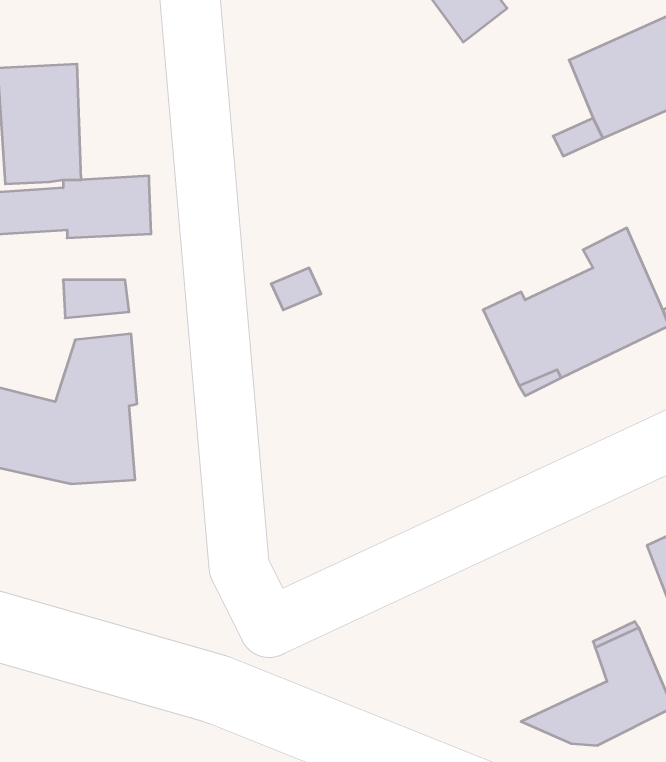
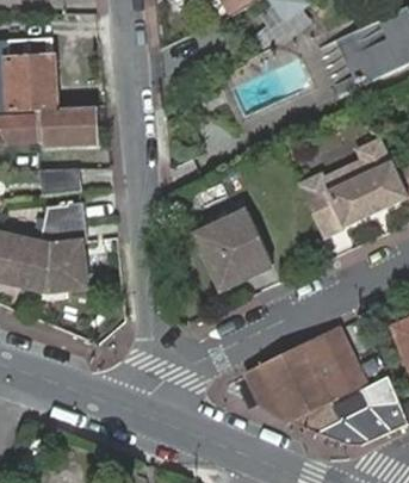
building: none -> [193,209,269,287]
building: none -> [246,328,367,432]

